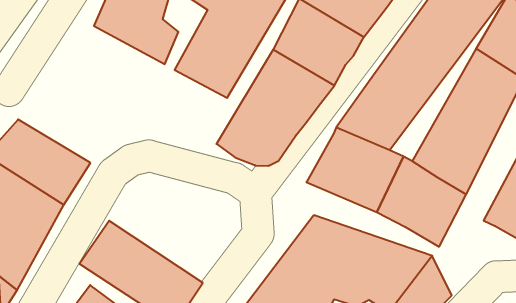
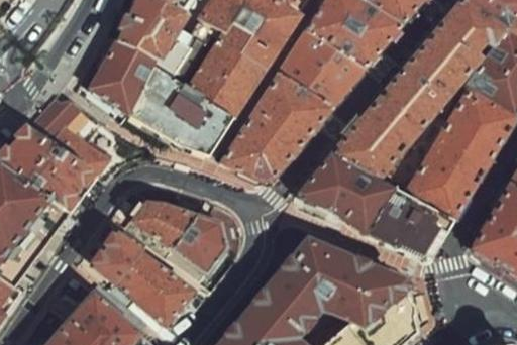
building: none -> [85,38,232,162]
building: none -> [30,93,110,169]
building: none -> [119,194,228,279]

